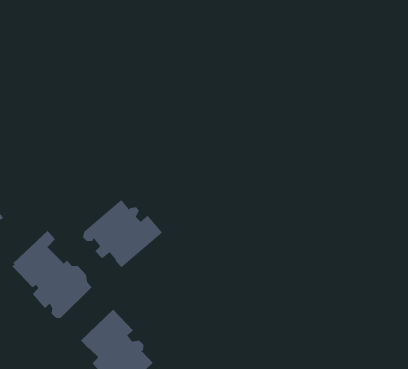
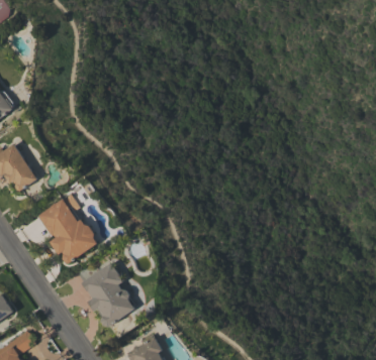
building: [82,199,163,268] -> none

